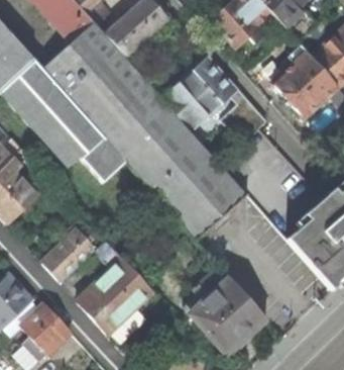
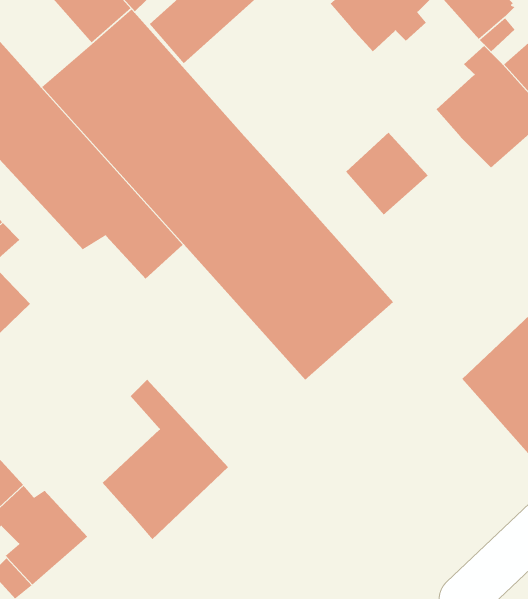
building: [160,53,238,129] -> none
building: [41,223,99,281] -> none
building: [184,275,266,353] -> none

